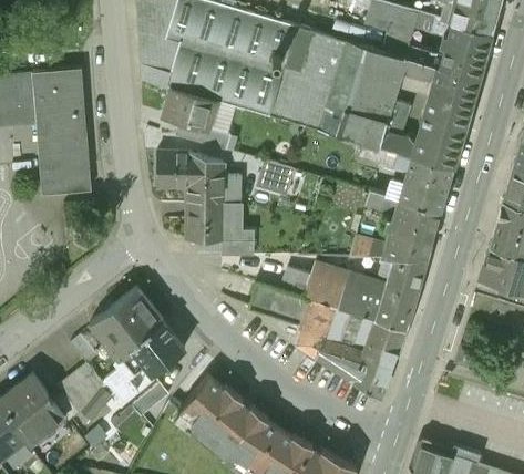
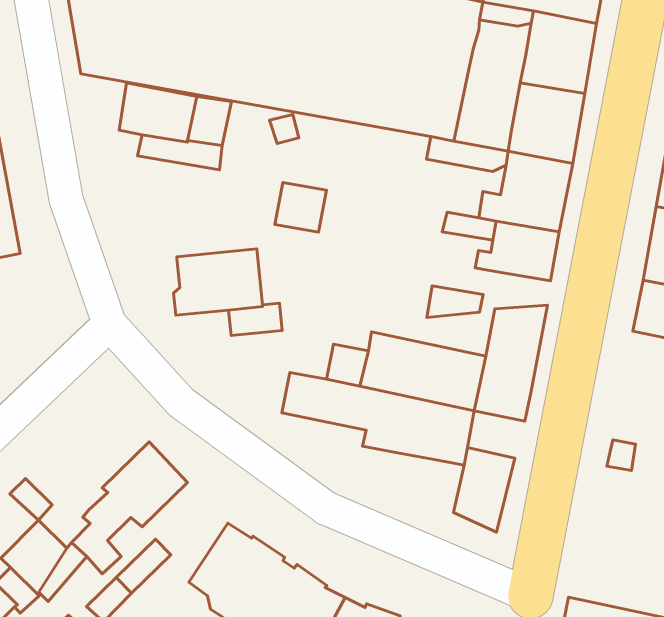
building: [397,69,435,94] -> none
building: [378,100,415,155] -> none
building: [156,150,239,203] -> none
building: [383,230,431,257] -> none
building: [91,287,162,359] -> none
building: [367,320,405,353] -> none
building: [297,336,363,384] -> none

